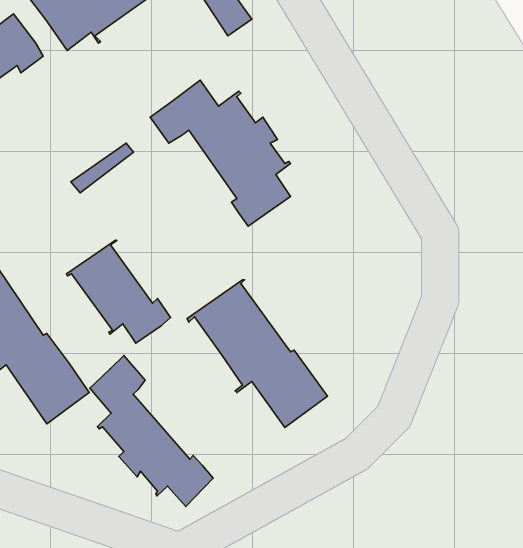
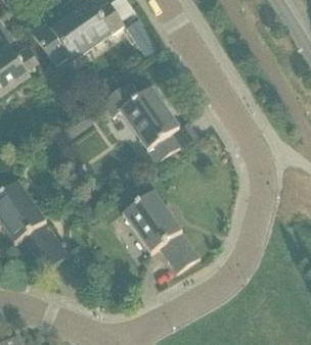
building: [67,240,171,343] -> none
building: [90,355,213,507] -> none

